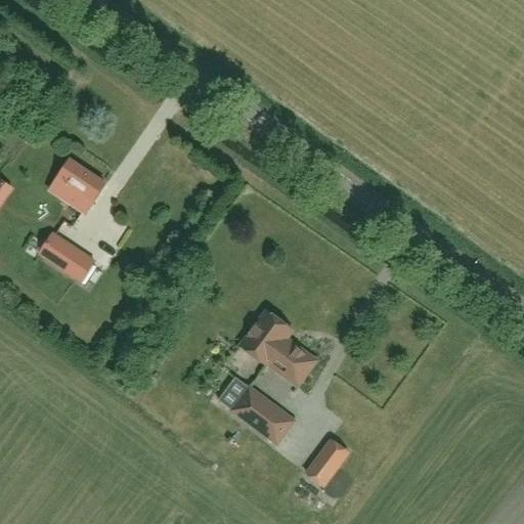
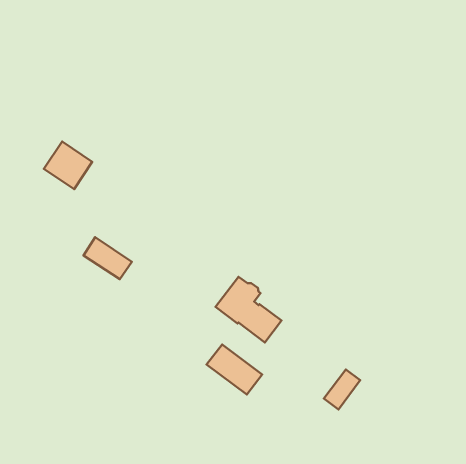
building: [39,232,93,279] -> [83,237,132,279]
building: [307,439,348,484] -> [324,369,360,410]

